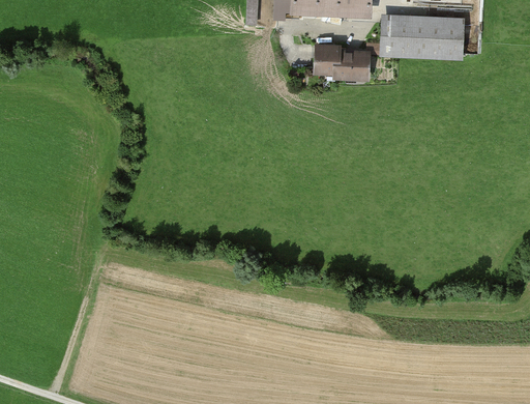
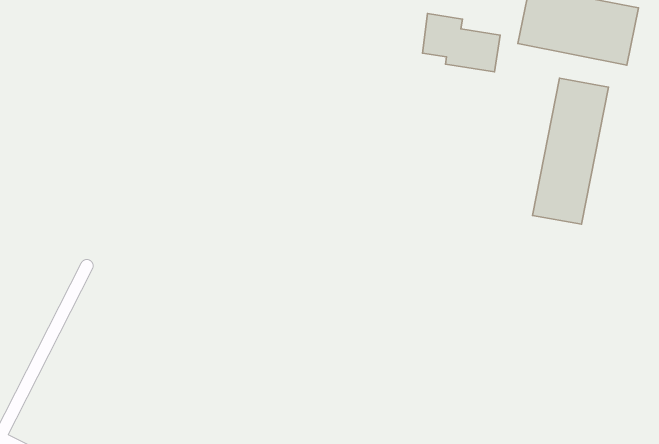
building: none -> [533,78,608,224]

